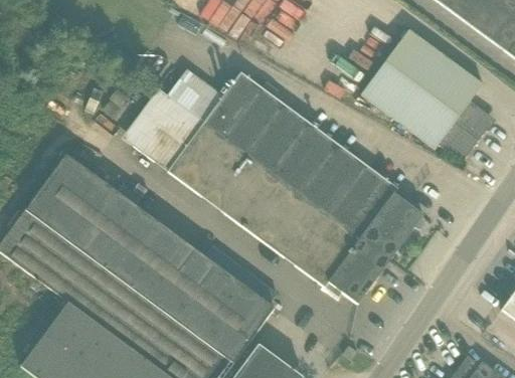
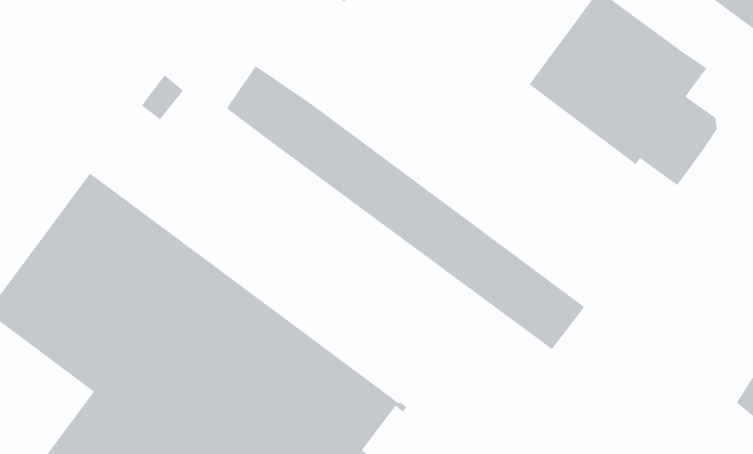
building: [178,67,423,243] -> none
building: [133,110,378,303] -> none

